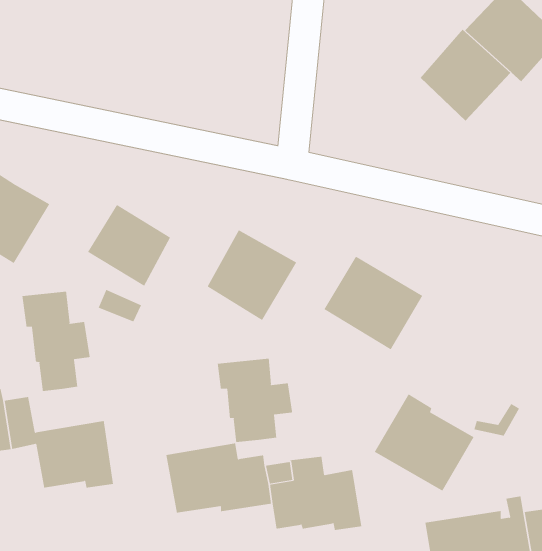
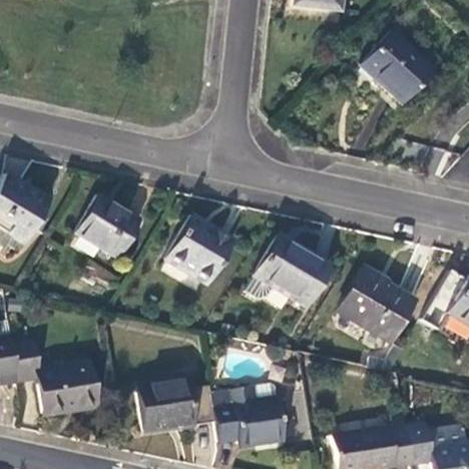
building: [420,29,511,122] -> none
building: [22,291,90,392] -> none
building: [217,358,293,443] -> none
building: [374,393,475,492] -> [337,269,413,343]

